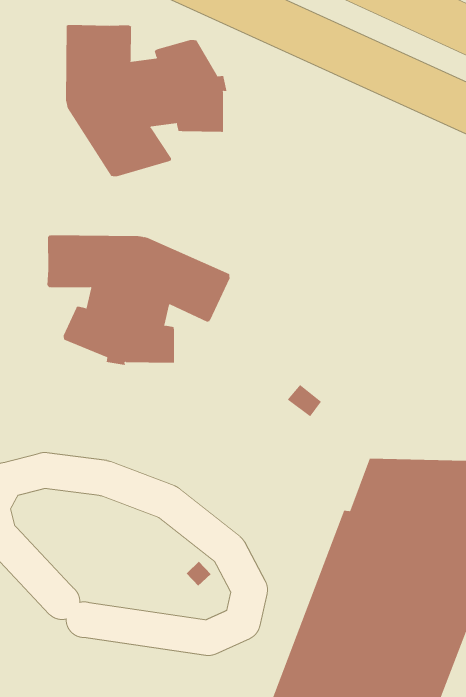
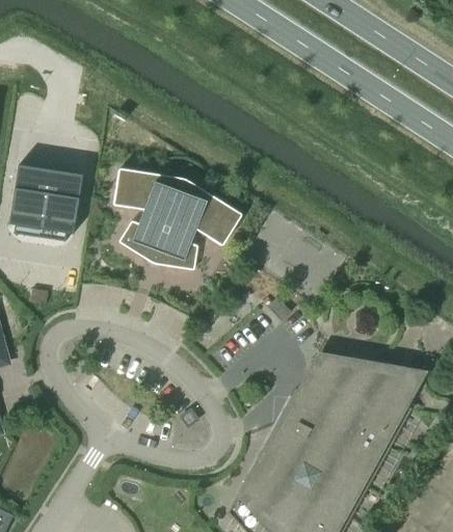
building: [65,24,227,177] -> none

